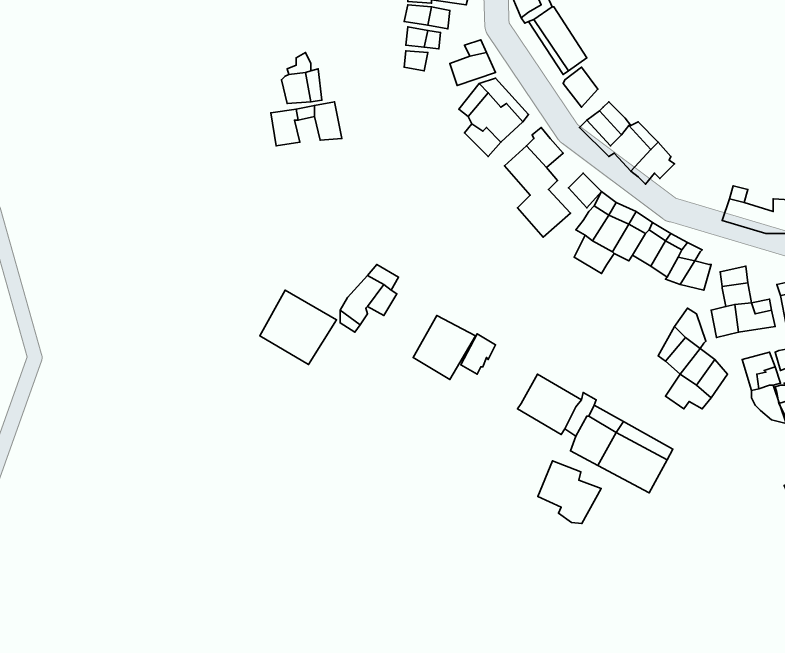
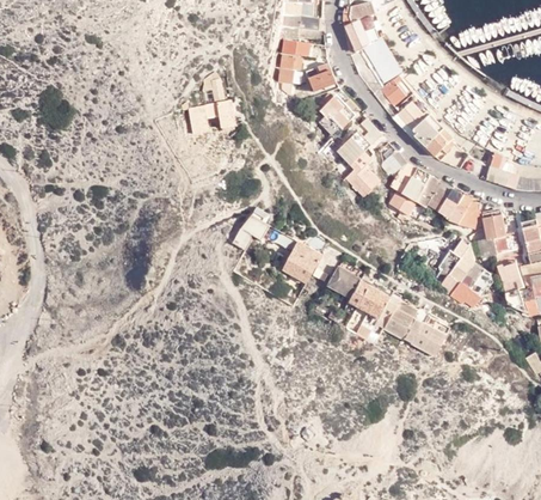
building: [260,290,337,365] -> none
building: none -> [330,268,364,300]
building: [538,461,601,524] -> none

